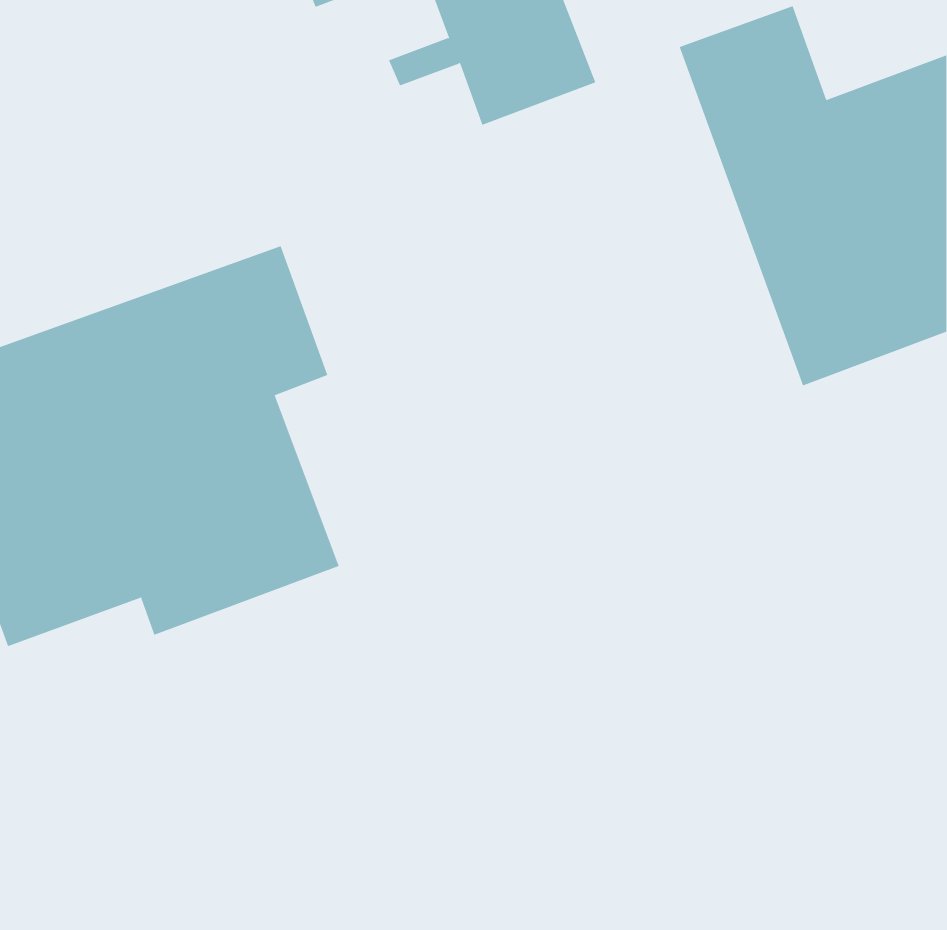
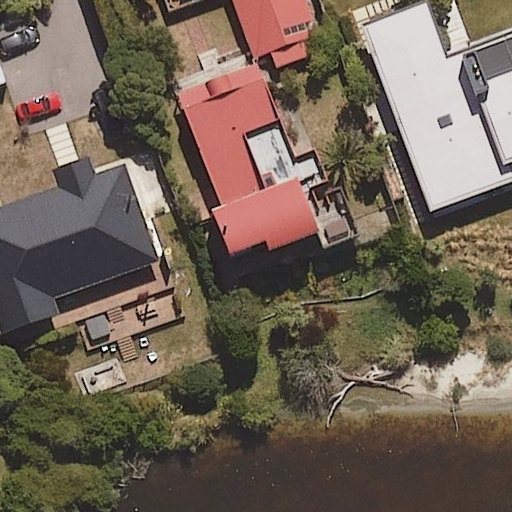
building: none -> [174,58,360,271]

